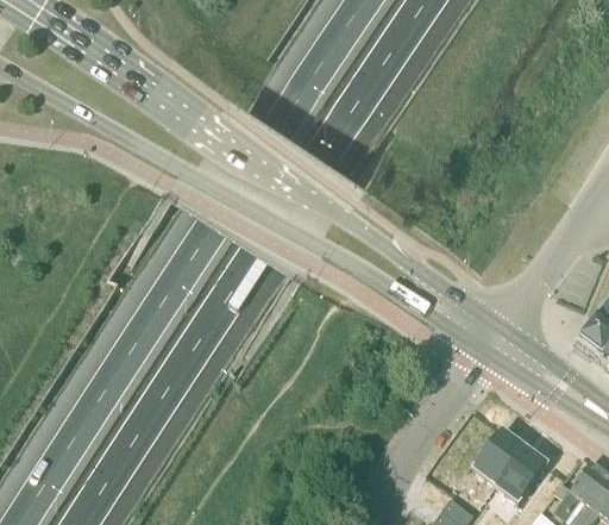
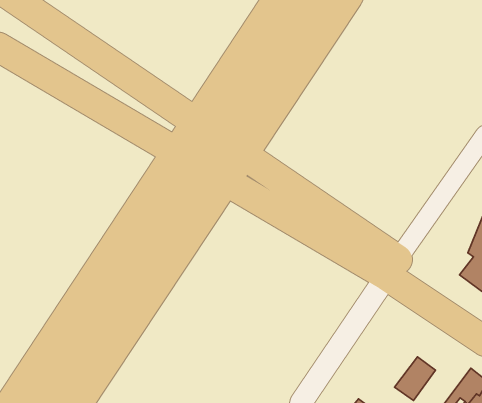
building: [475,430,526,485] -> none

